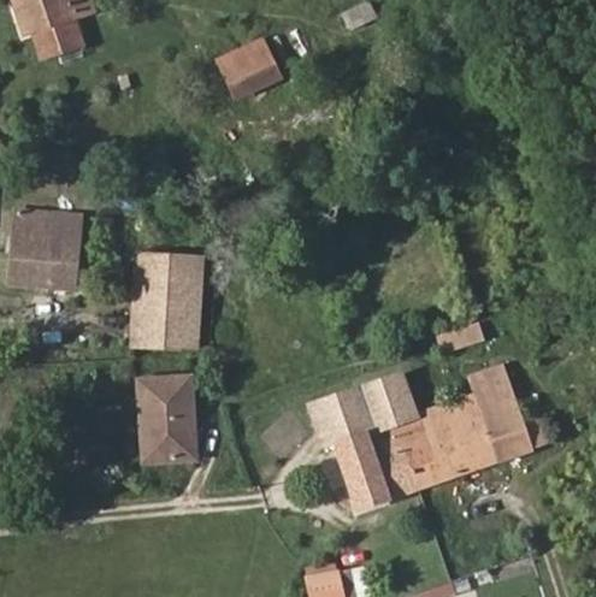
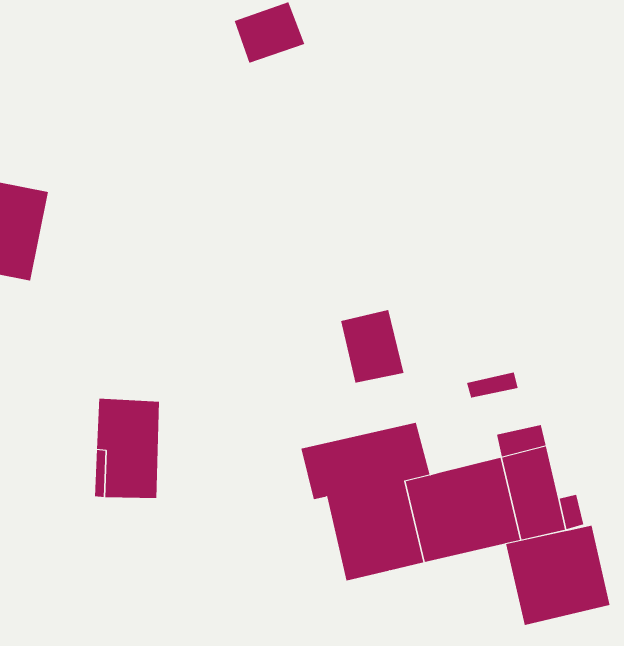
building: [132,256,200,345] -> none
building: none -> [341,309,404,384]
building: none -> [506,525,610,626]

